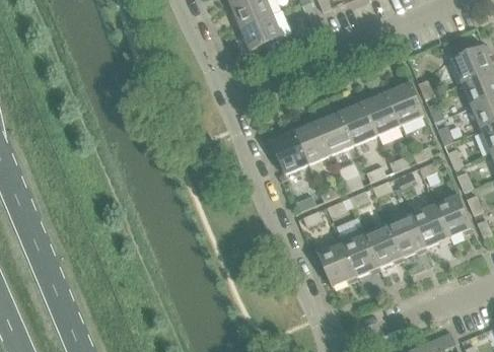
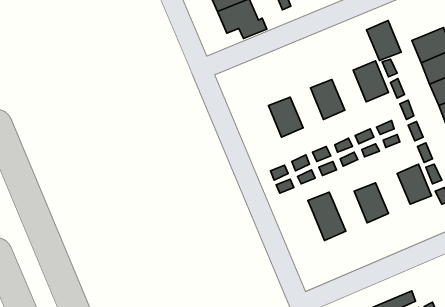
building: [364,91,402,135] -> [367,21,401,61]
building: [319,111,355,154] -> none
building: [271,130,309,174] -> none
building: [412,204,449,248] -> none
building: [365,223,403,267] -> none
building: [317,242,356,287] -> none

